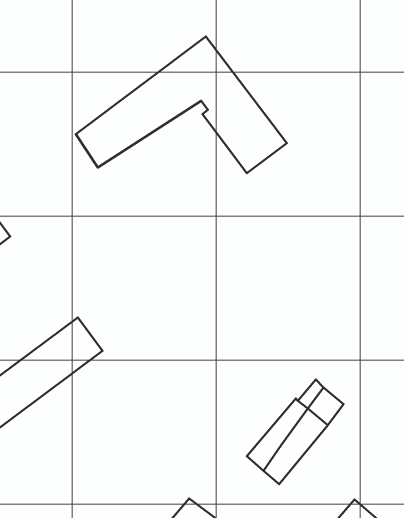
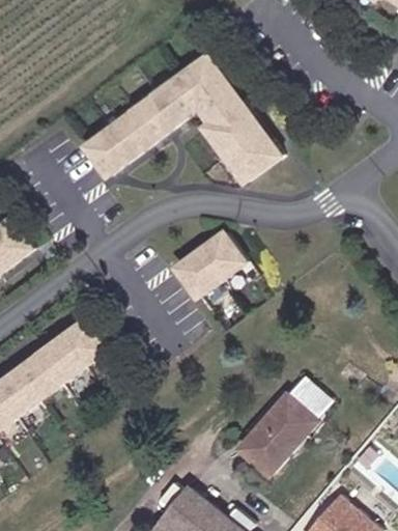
building: none -> [170,233,243,302]

